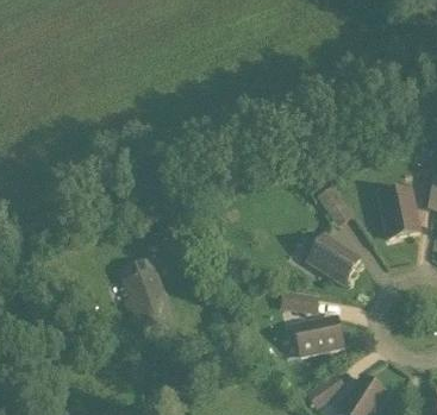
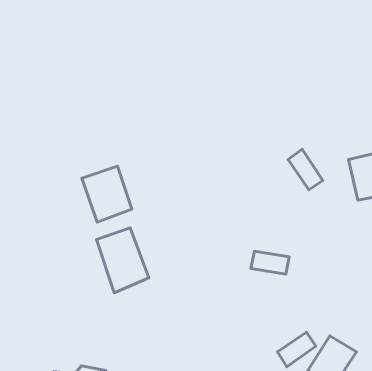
building: none -> [82,166,132,222]
building: [307,234,361,284] -> none
building: [294,316,343,356] -> none

